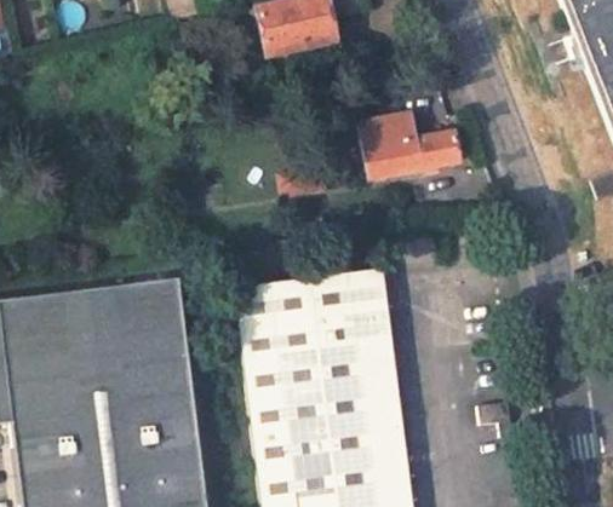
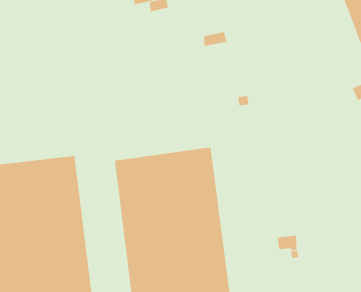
building: [363,115,462,178] -> none

